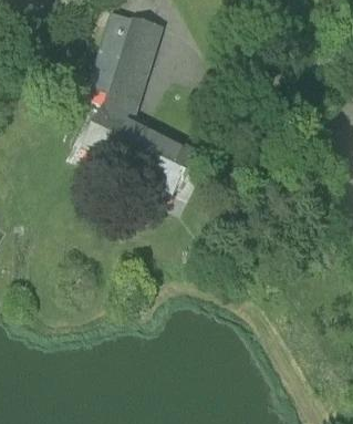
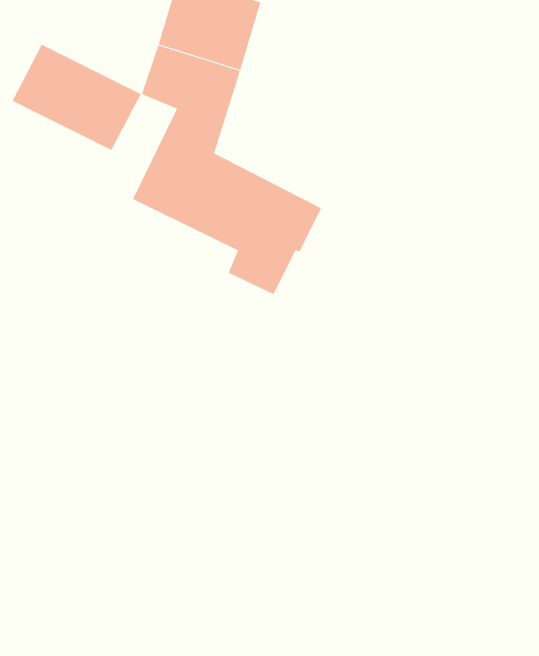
building: none -> [12,44,141,151]

